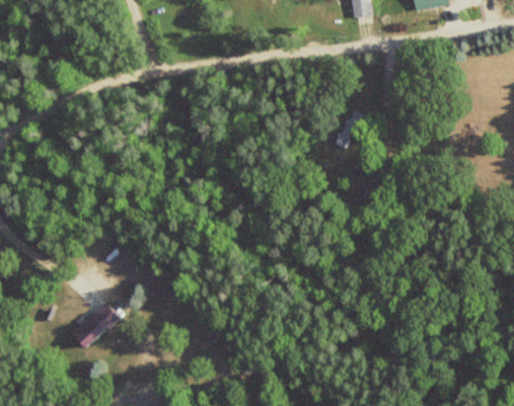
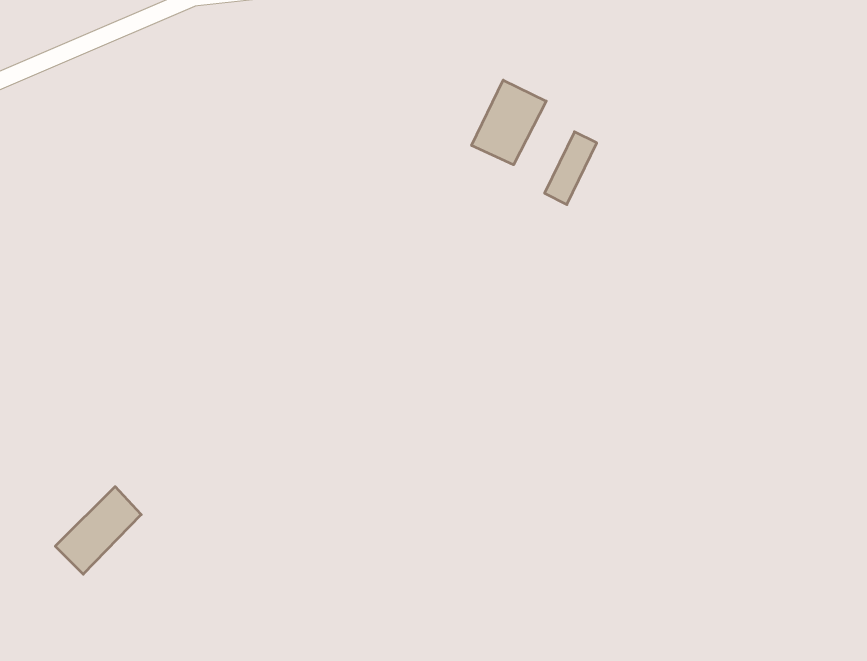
building: none -> [472,80,546,165]

